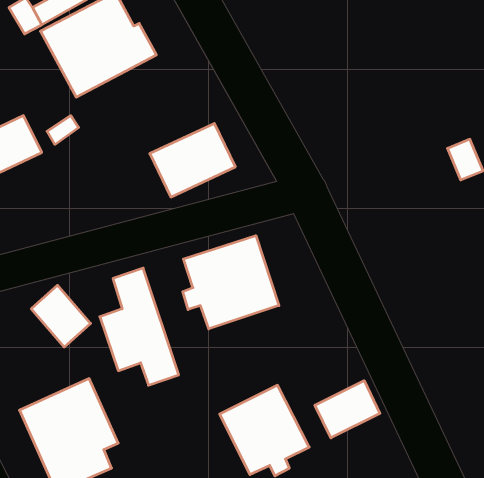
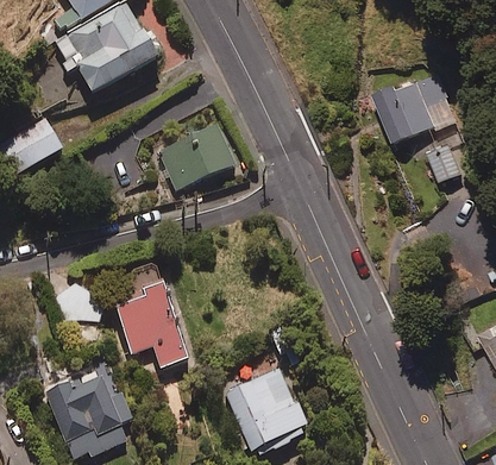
building: none -> [377,74,456,144]
building: [183,236,279,329] -> none
building: [315,381,380,438] -> none

